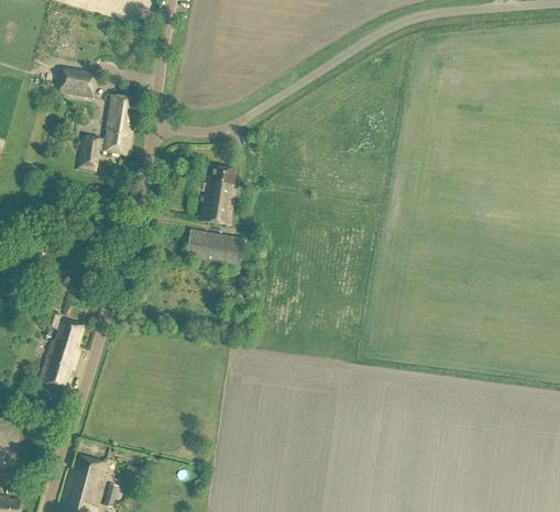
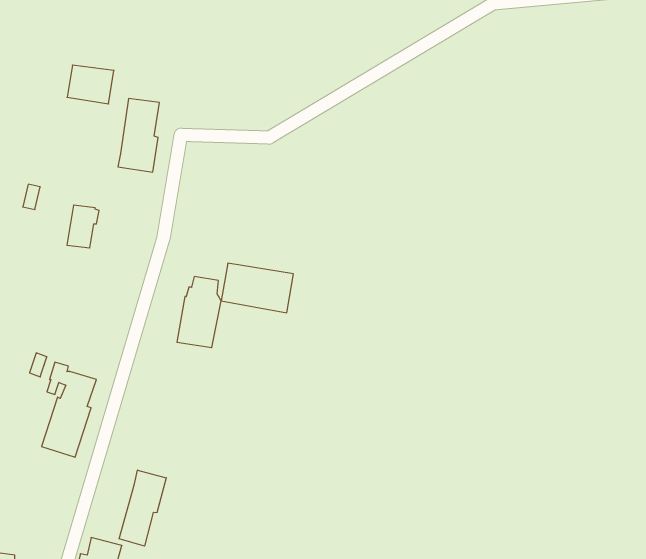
building: [77,135,103,170] -> [67,205,99,248]
building: [200,167,237,225] -> [177,277,221,348]
building: none -> [119,470,166,546]

